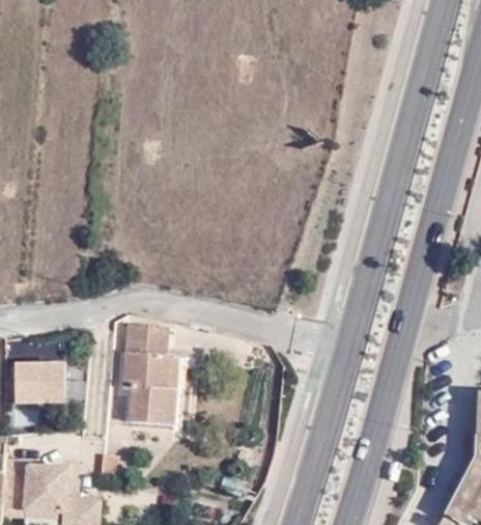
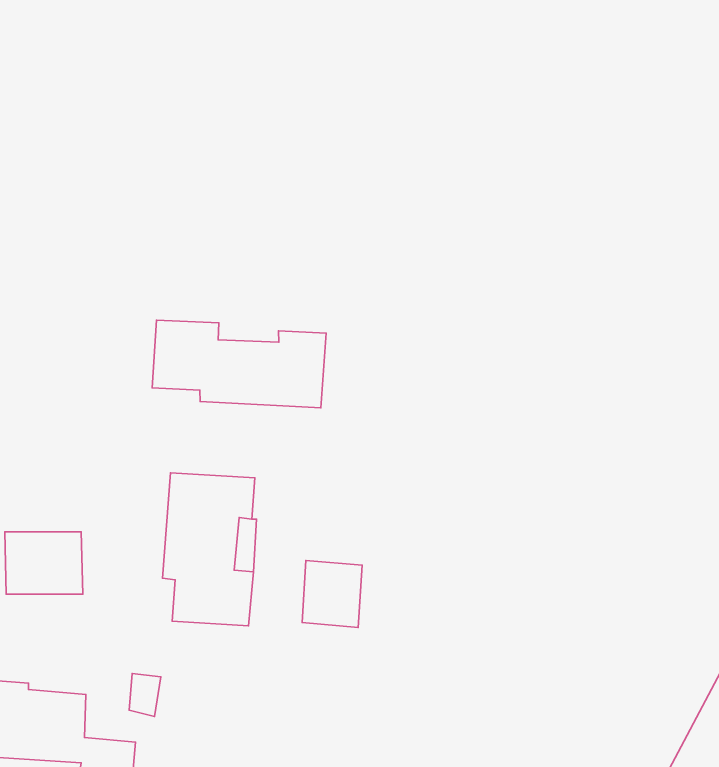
building: none -> [152,320,326,408]
building: none -> [302,560,362,627]

